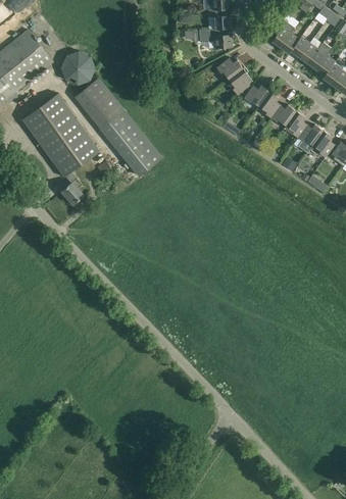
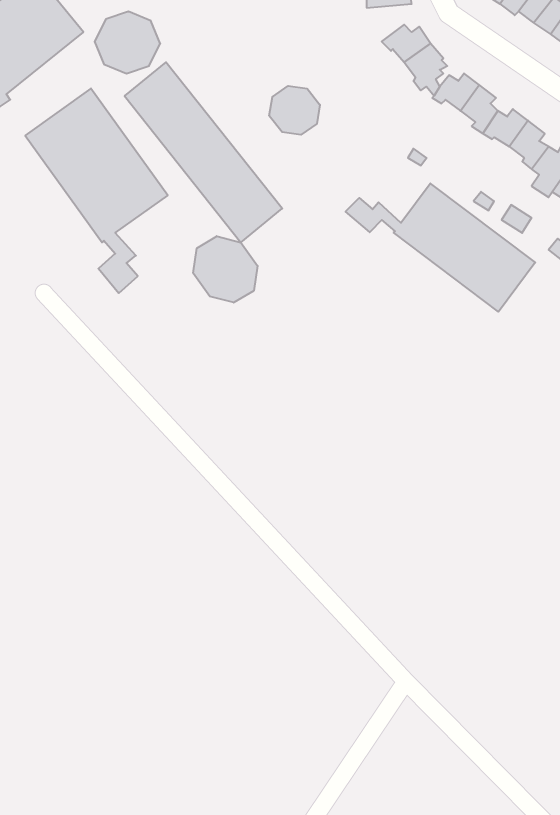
building: none -> [269,86,320,135]
building: none -> [346,183,535,312]
building: none -> [193,236,258,303]

